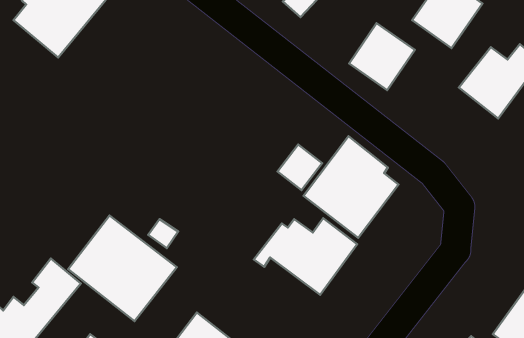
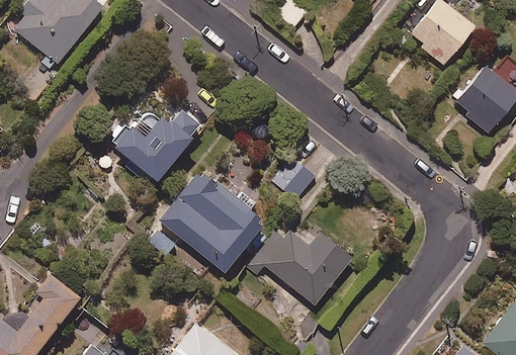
building: [349,23,415,90] -> none
building: none -> [109,101,197,174]
building: [303,136,399,238] -> none
building: [68,215,177,321] -> [159,165,265,268]

